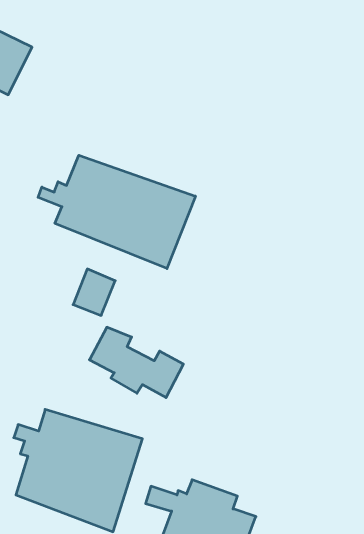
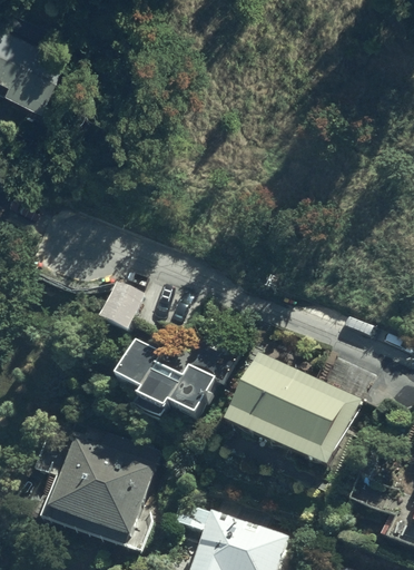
building: [38,155,195,269] -> none
building: none -> [225,355,358,465]

